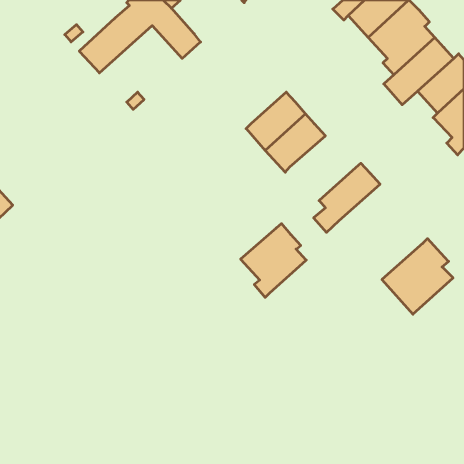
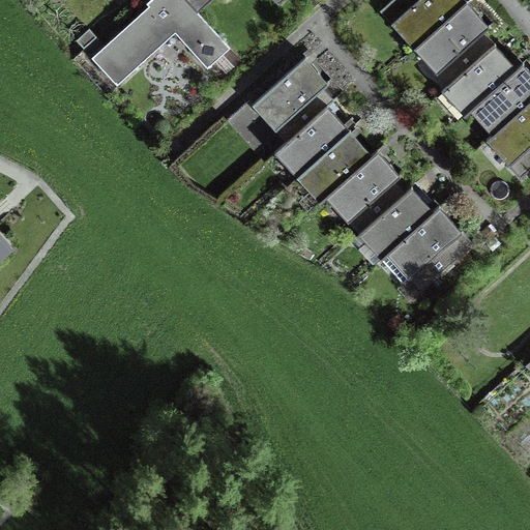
building: none -> [256,59,330,143]
building: [241,224,306,297] -> [329,151,404,235]
building: [382,239,453,314] -> [385,206,466,292]

